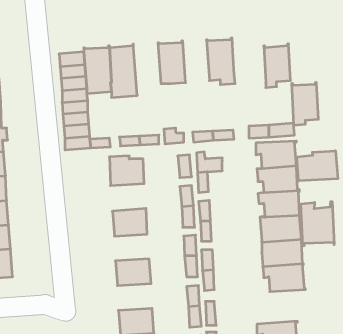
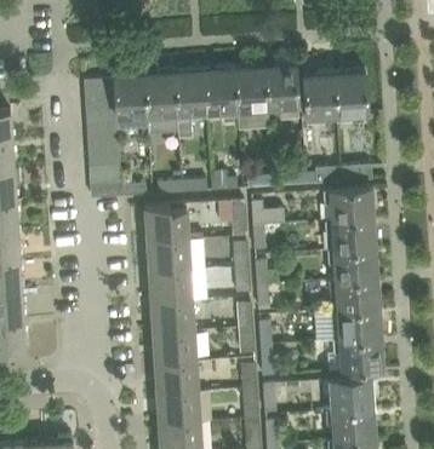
building: none -> [235,64,268,128]
building: none -> [175,68,209,137]
building: [292,83,318,125] -> [304,71,337,123]
building: [297,151,338,181] -> none
building: none -> [147,238,205,274]
building: [301,202,334,246] -> none
building: none -> [152,301,194,334]
building: none -> [155,362,198,395]
building: none -> [324,378,376,411]

